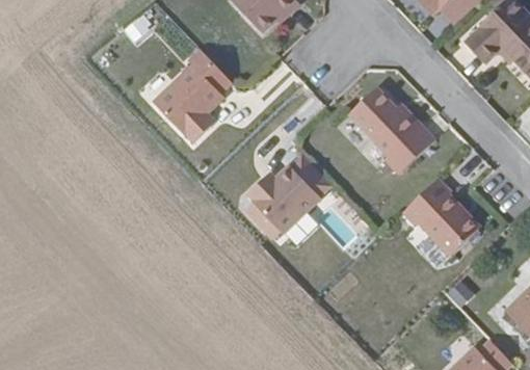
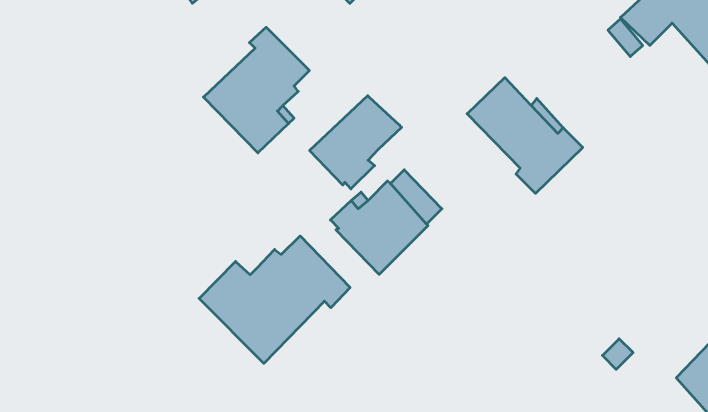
building: none -> [310,96,402,189]
building: [403,178,479,256] -> none
building: none -> [199,236,350,363]

